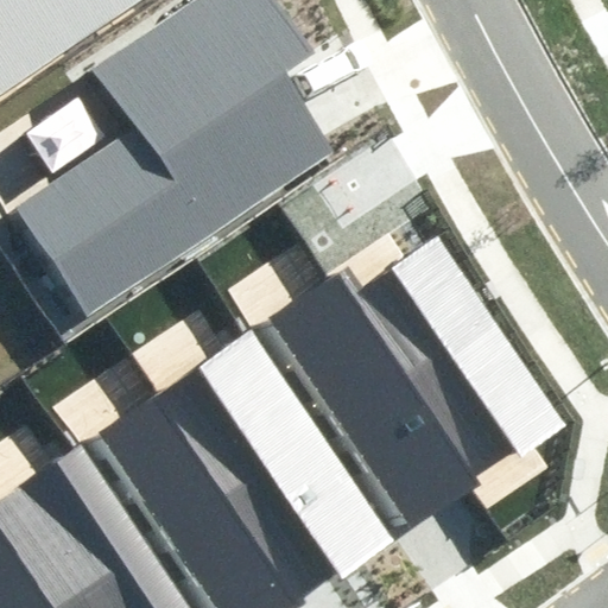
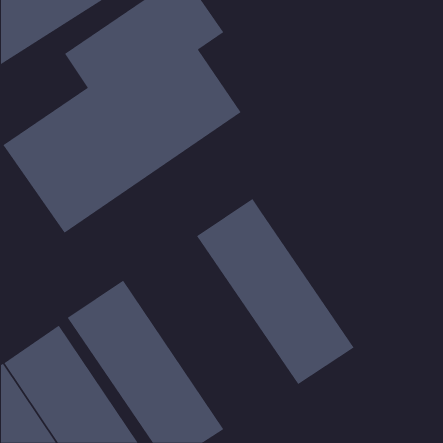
building: [359,236,563,475] -> none
building: [170,331,385,587] -> none

